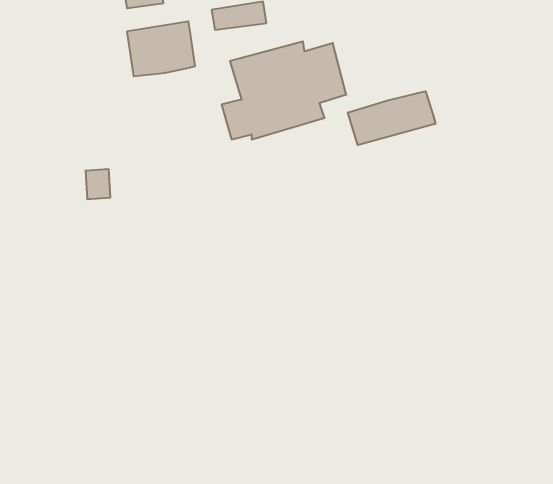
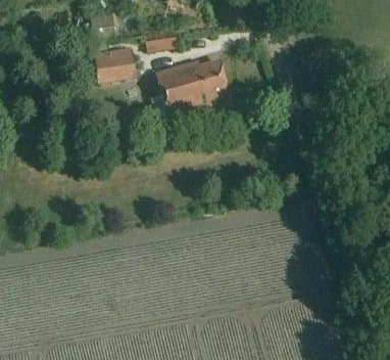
building: [348,91,435,145] -> none

